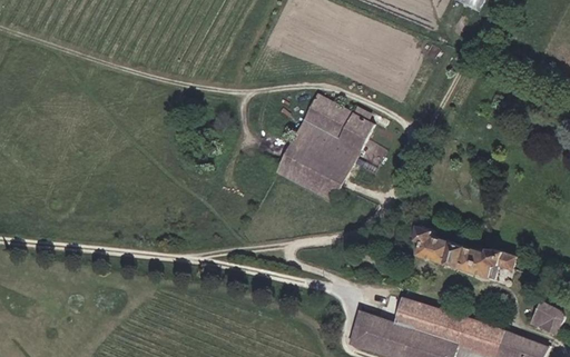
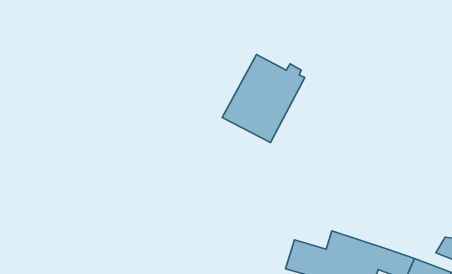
building: [422,226,508,279] -> none

